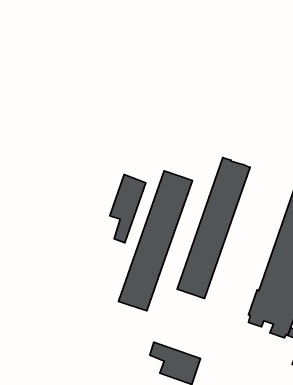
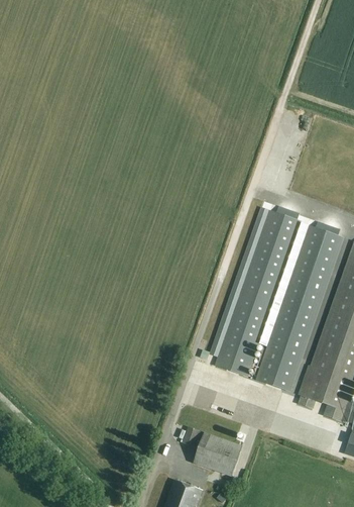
building: [119,171,193,311] -> [256,225,343,390]
building: [110,175,146,243] -> none

